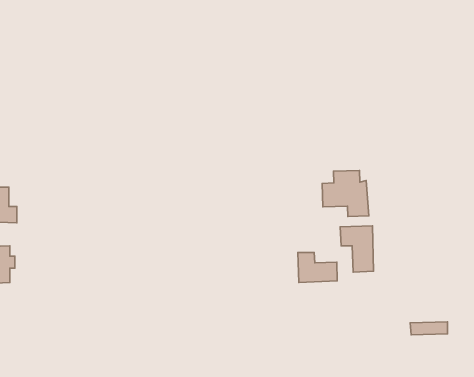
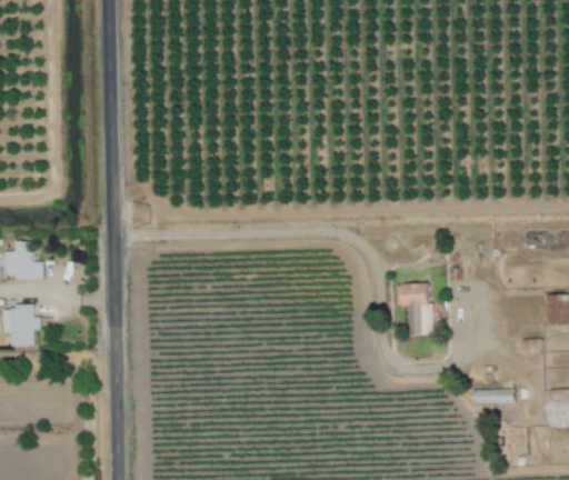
building: [322,170,369,217] -> none
building: [298,252,337,282] -> none

